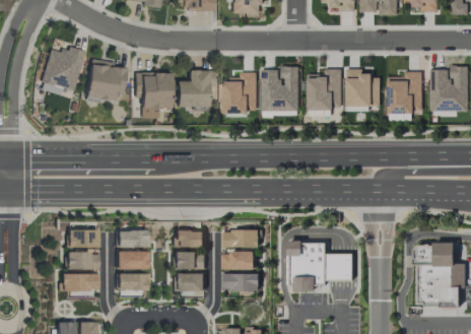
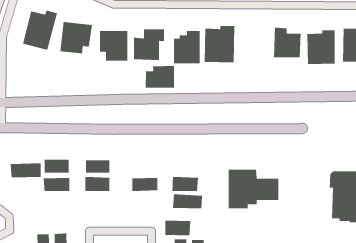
building: [309,68,342,110] -> none
building: none -> [145,65,175,88]
building: [225,229,260,247] -> none
building: [172,230,205,247] -> none
building: [174,272,206,291] -> [165,220,191,236]
building: [58,273,96,291] -> [10,163,41,178]
building: [116,273,146,289] -> none

